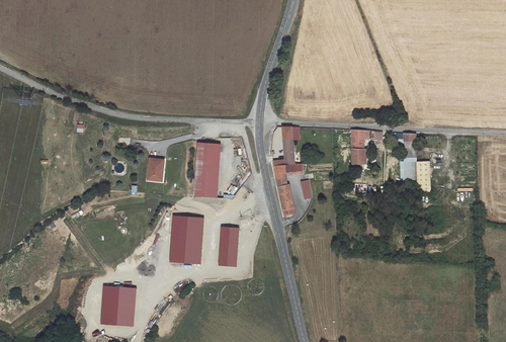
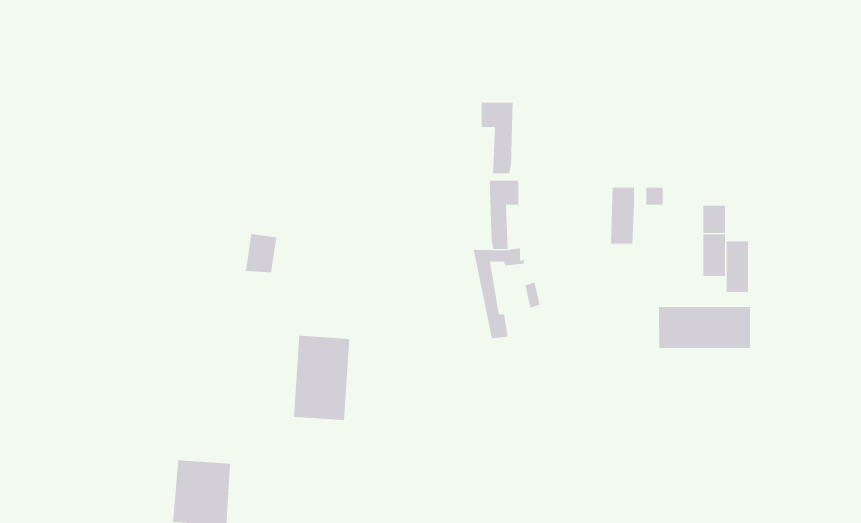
building: none -> [481,102,513,174]
building: [191,142,219,196] -> none
building: none -> [659,306,751,349]
building: [220,226,240,264] -> none

